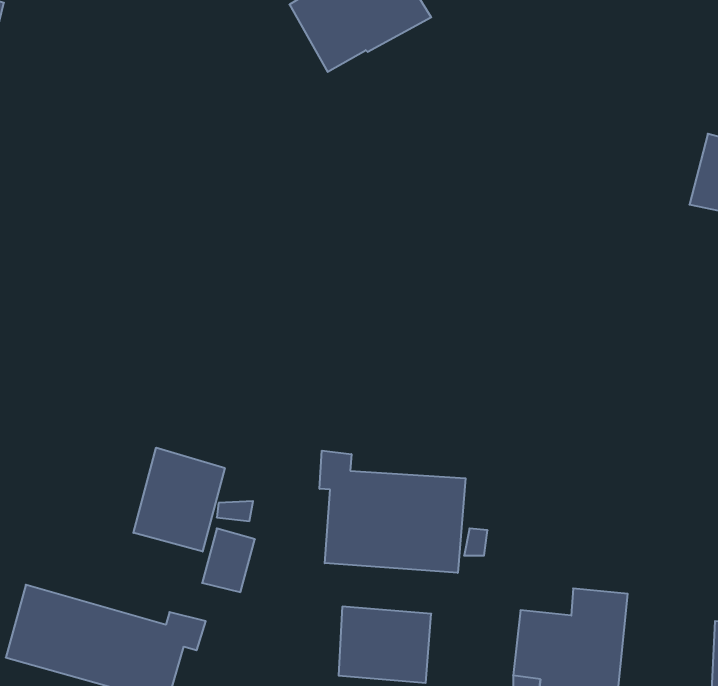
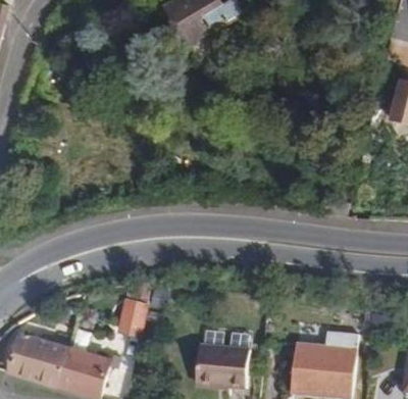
building: [133,448,225,552] -> none
building: [320,451,466,573] -> none

